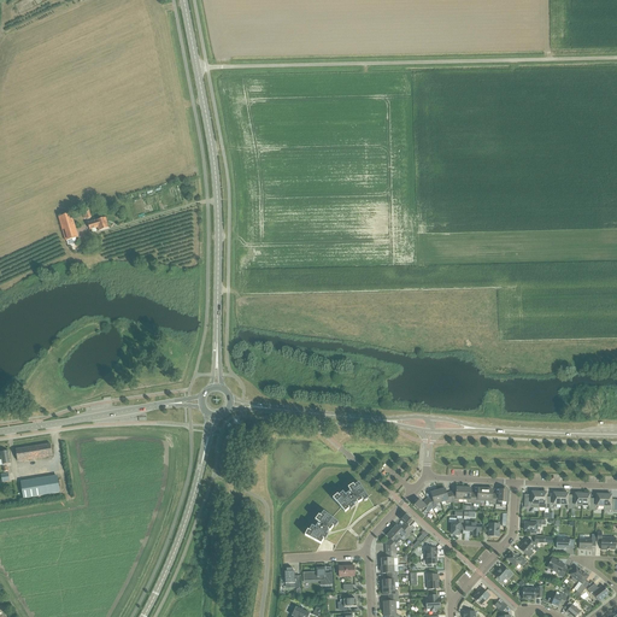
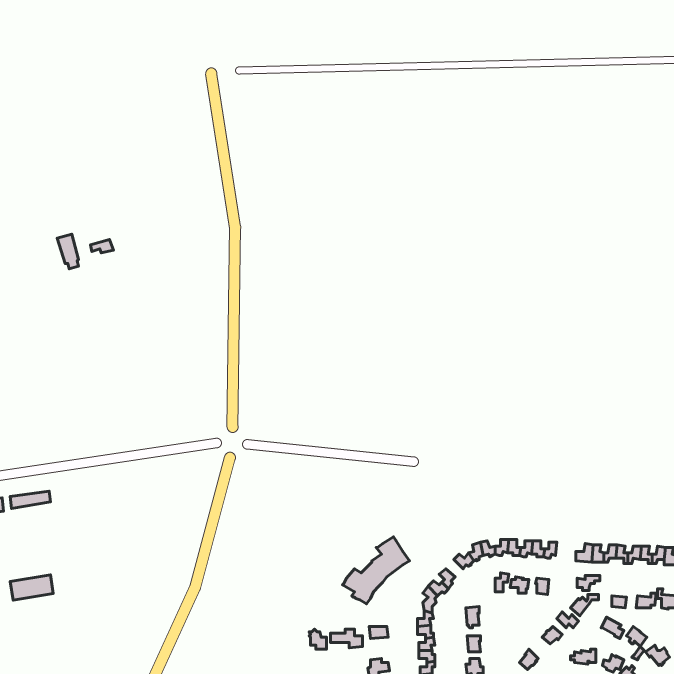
building: [19,474,58,496] -> [10,575,53,600]

